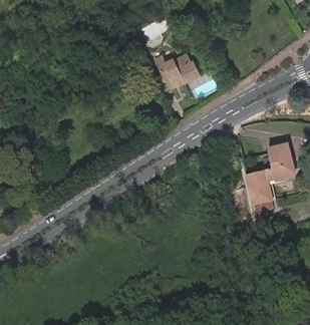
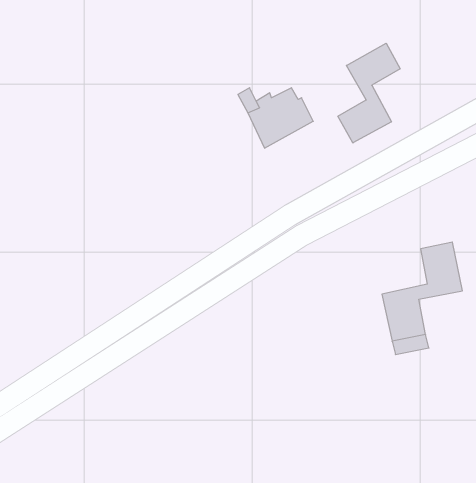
building: none -> [338,43,400,143]

